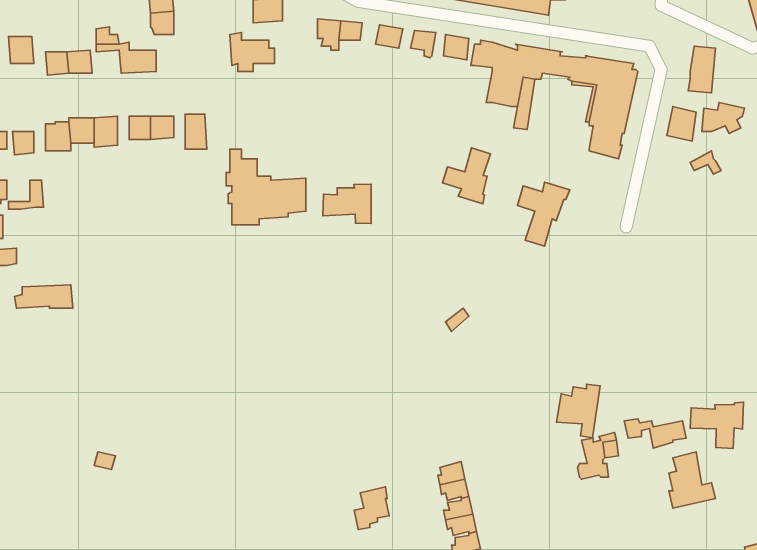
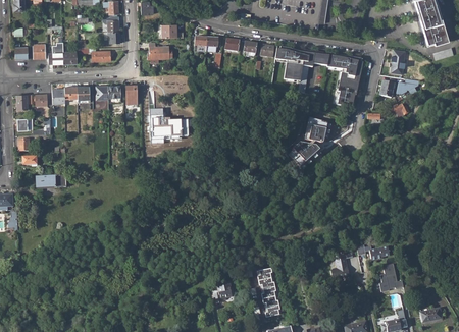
building: [443,148,490,204] -> none
building: [323,184,371,223] -> none
building: [557,384,600,438] -> none
building: [690,402,744,448] -> none

